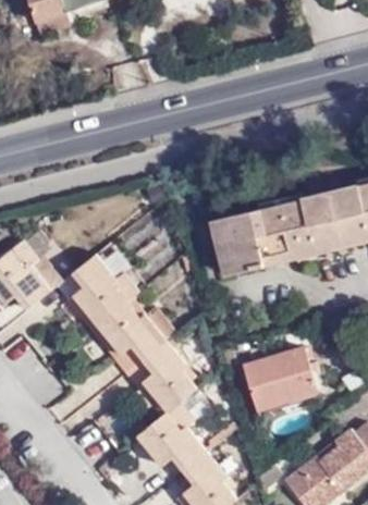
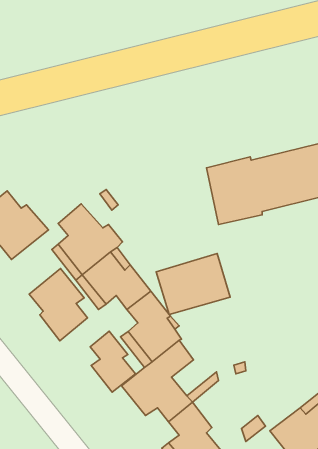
building: none -> [29,269,87,341]
building: [243,345,317,406] -> [156,253,230,314]
building: none -> [90,331,136,392]

